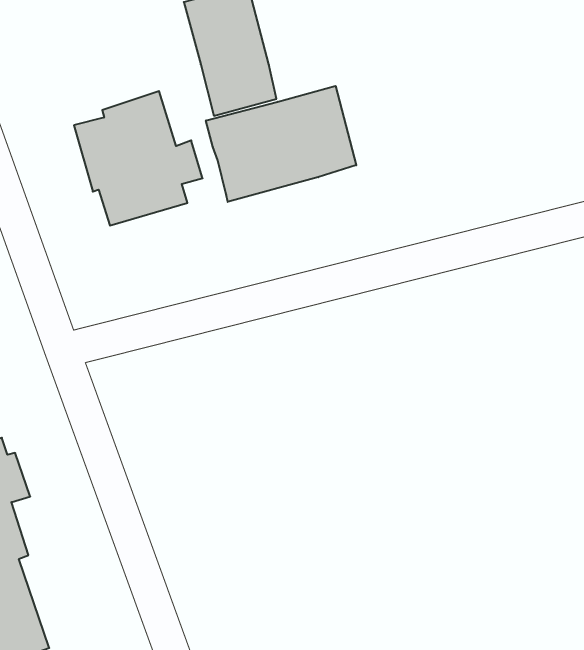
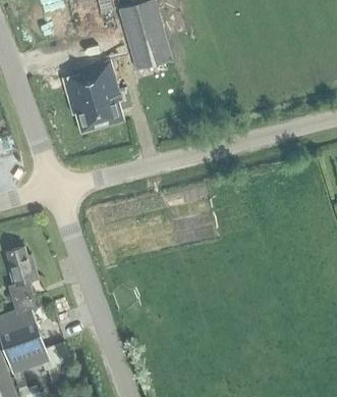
building: [206,86,356,202] -> none

